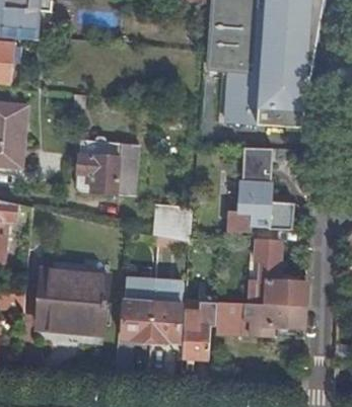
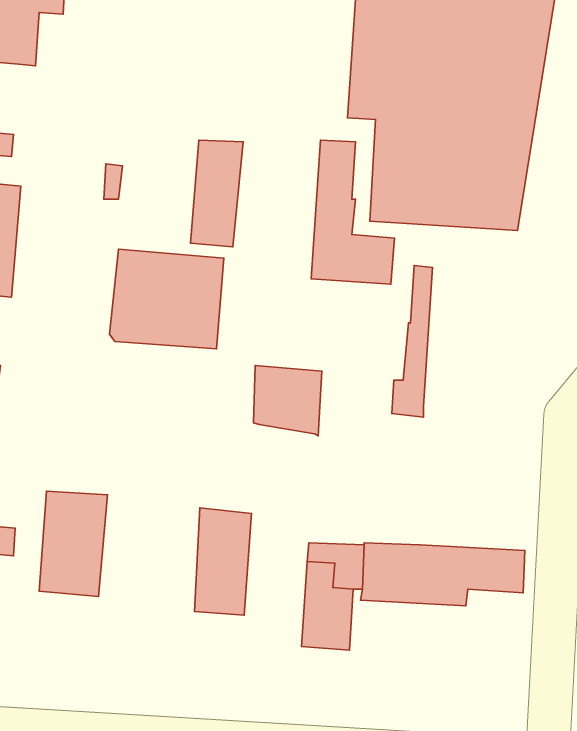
building: none -> [191,140,243,247]
building: [250,150,295,229] -> [311,140,394,284]
building: [248,241,306,305] -> none
building: [71,274,109,332] -> none
building: [151,281,184,341] -> none

